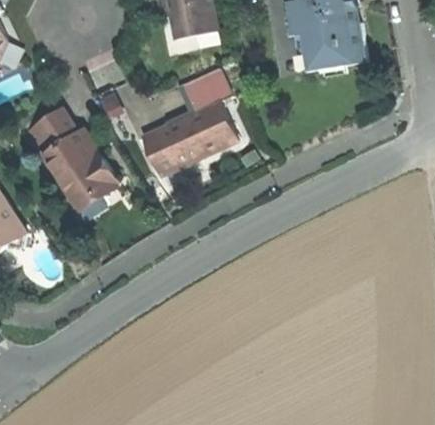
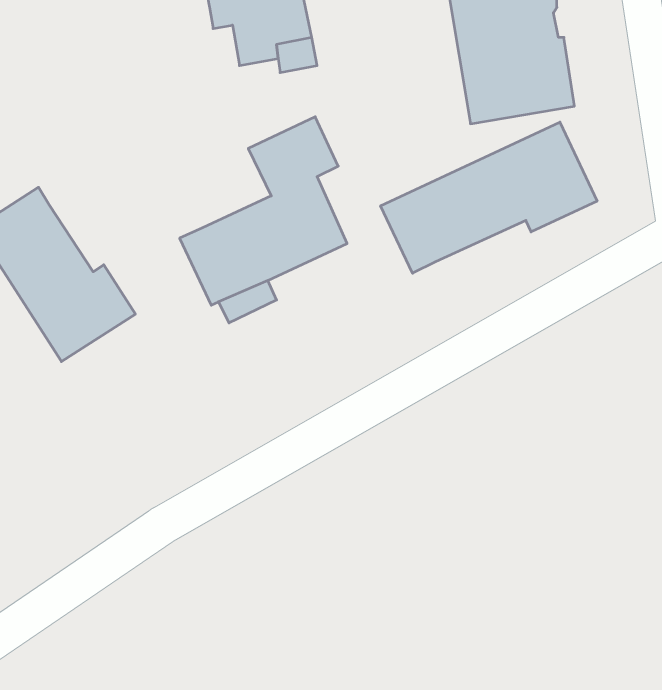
building: none -> [381,122,597,273]

